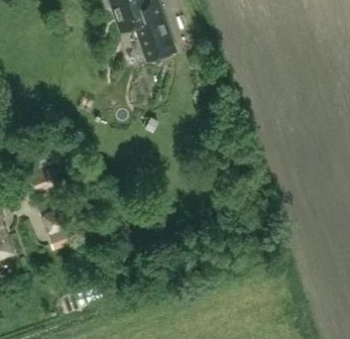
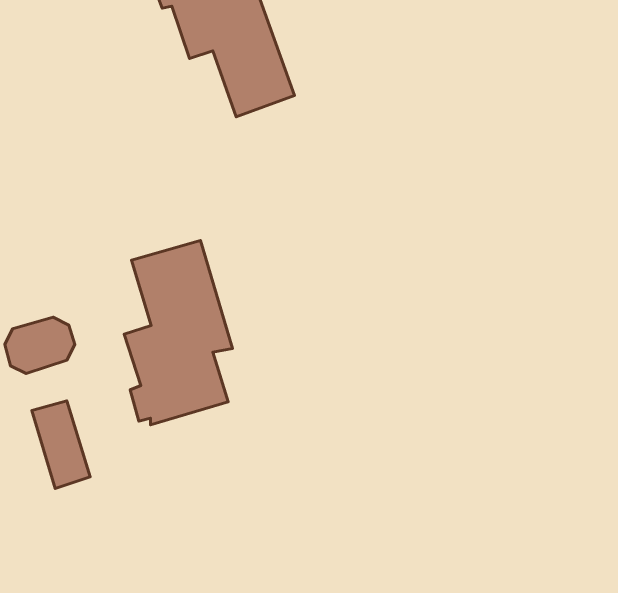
building: none -> [124,241,233,425]

